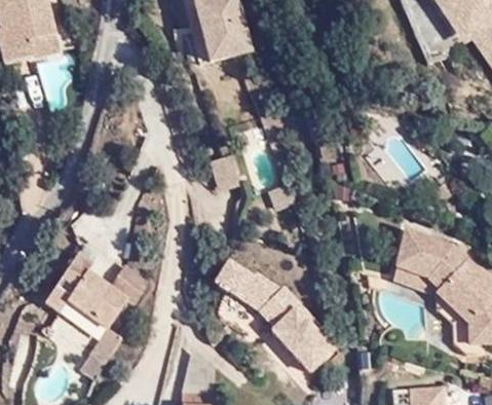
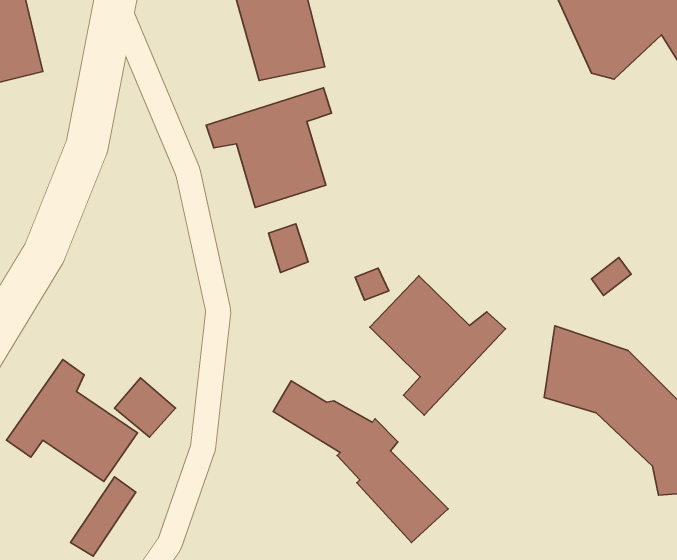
building: none -> [206,88,332,207]
building: none -> [370,276,505,415]

